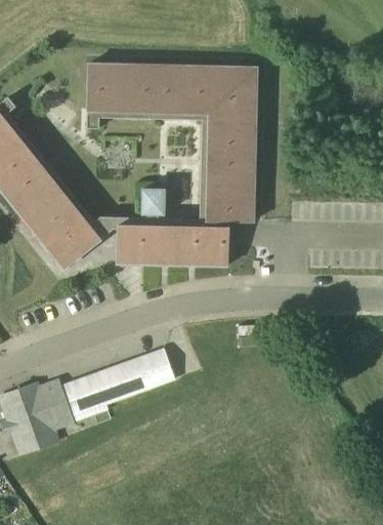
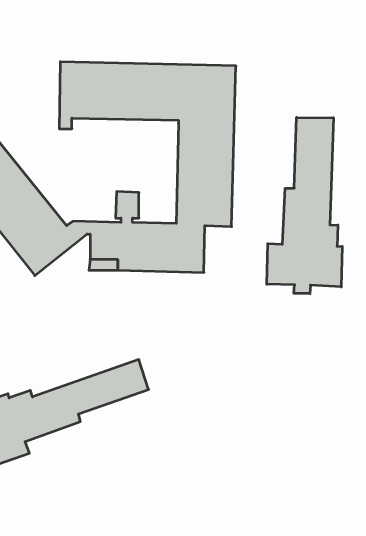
building: none -> [267,117,342,294]

